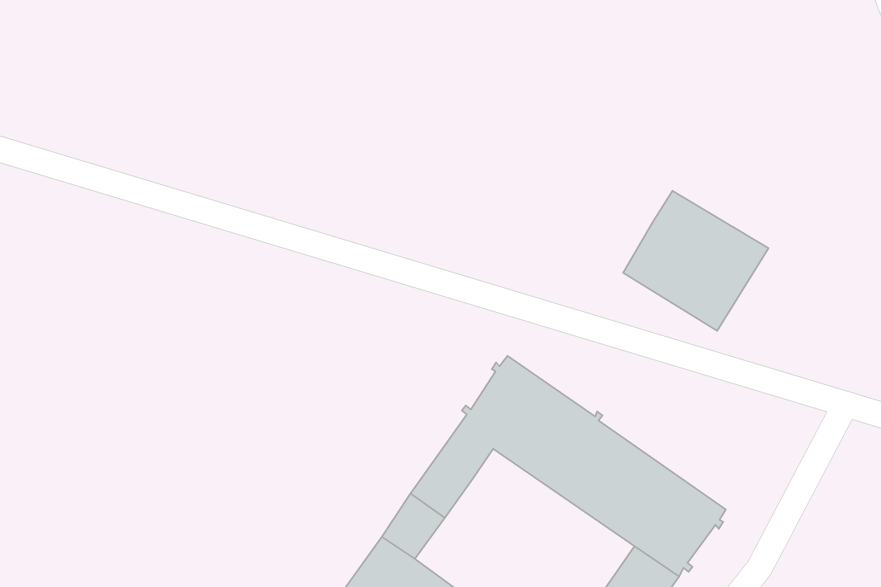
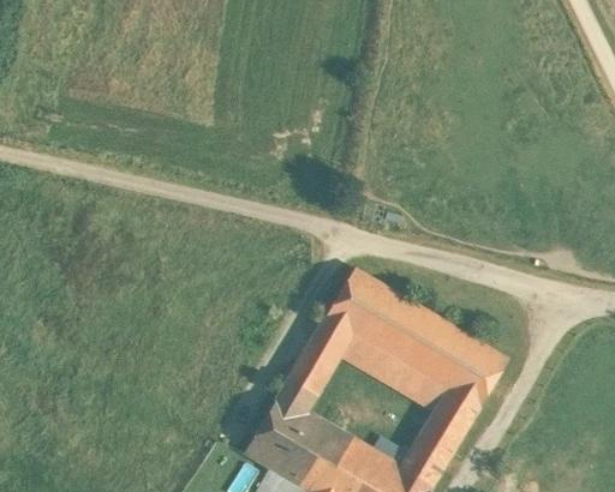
building: [623,191,768,331] -> none
building: none -> [338,331,448,409]

